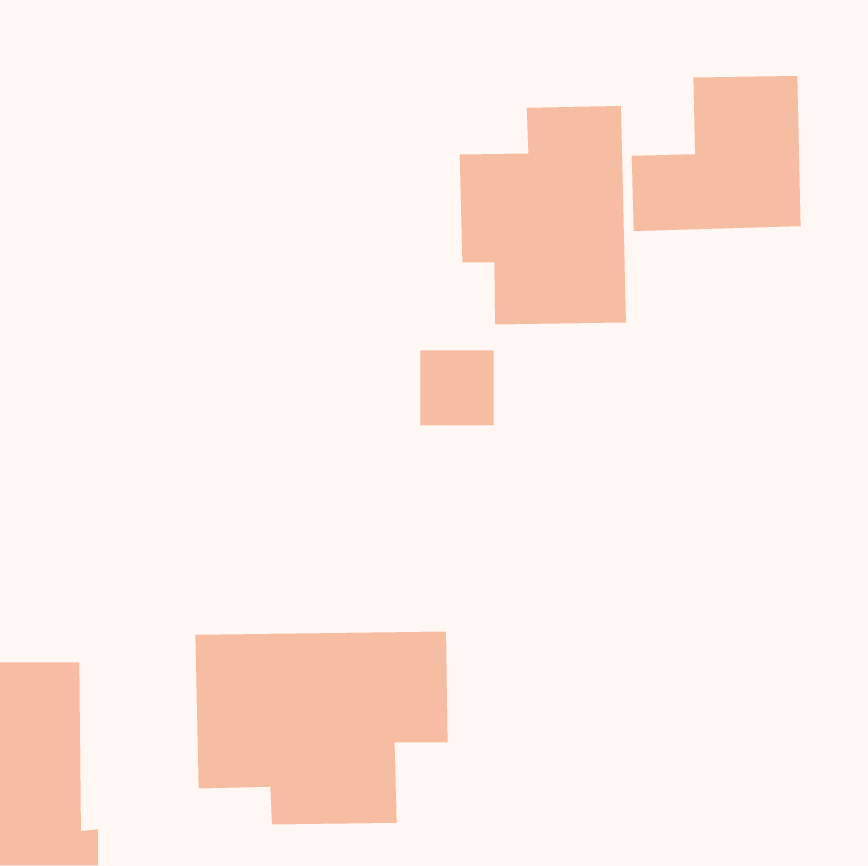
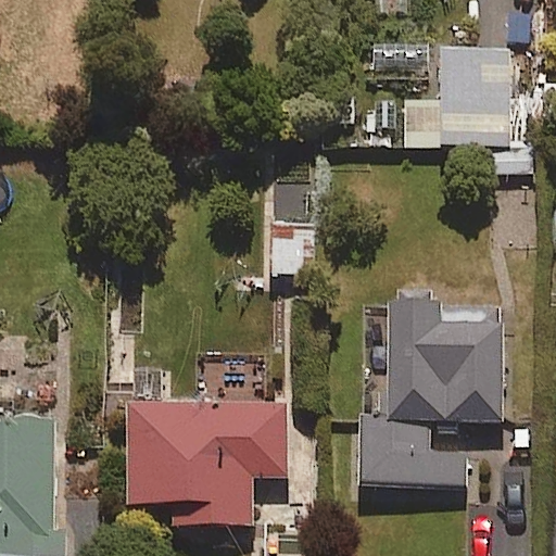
building: [459,105,627,325] -> none
building: none -> [357,296,505,490]

